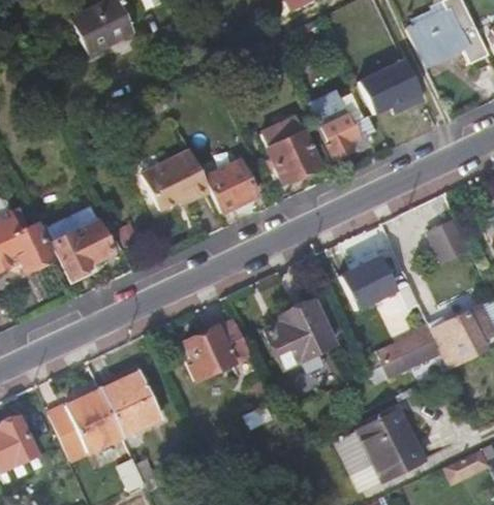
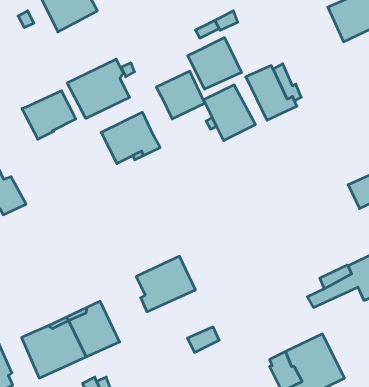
building: [358,59,424,113] -> none
building: none -> [188,38,241,89]
building: none -> [67,59,130,118]
building: [203,158,259,214] -> [156,71,205,119]
building: [52,219,115,276] -> [22,91,76,139]
building: [337,254,397,310] -> none
building: [265,298,335,369] -> none

